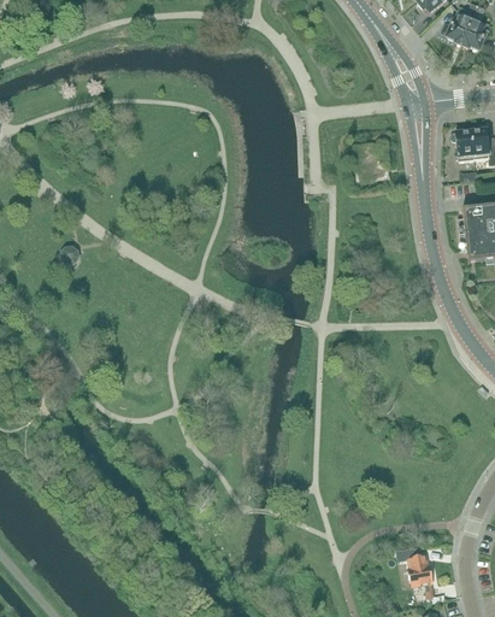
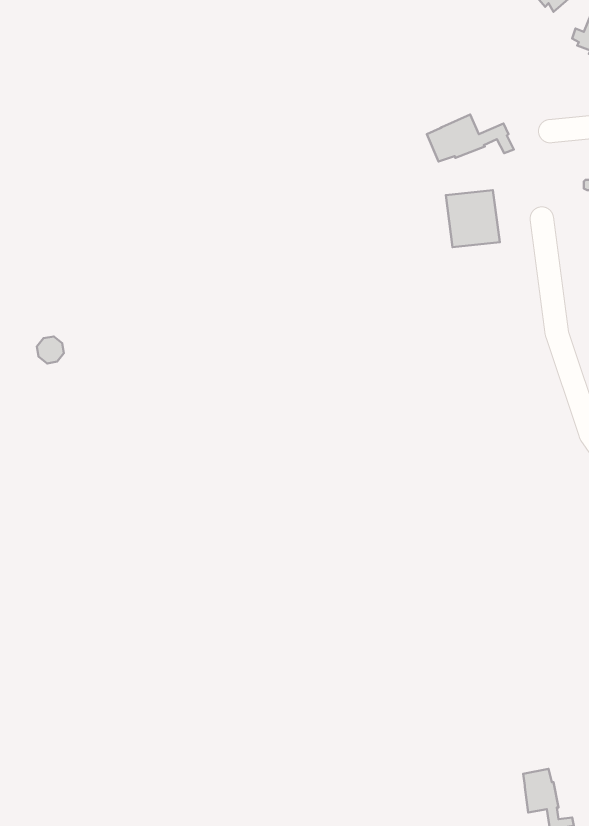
building: none -> [427,114,514,162]

